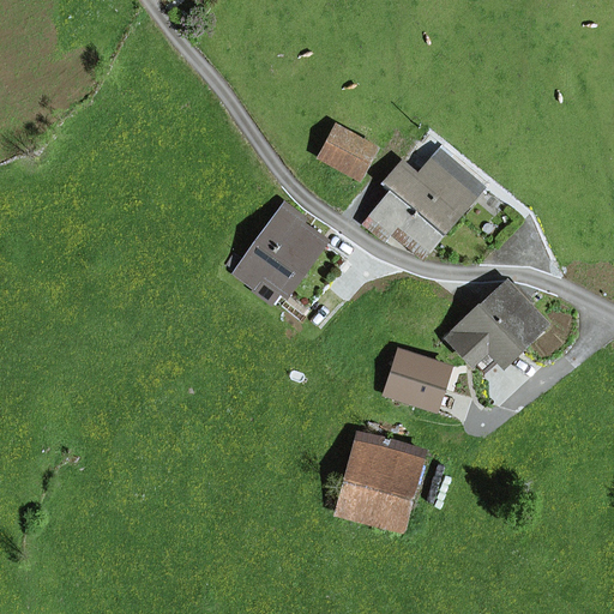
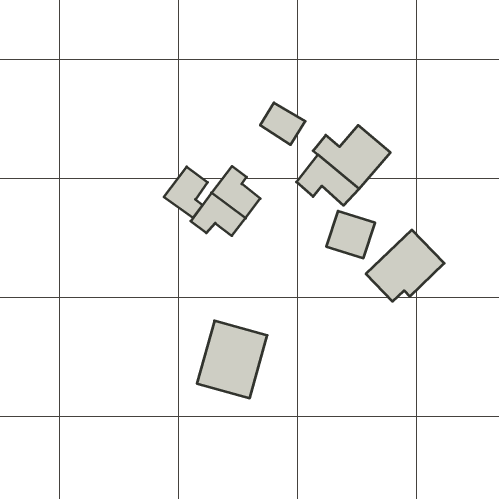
building: none -> [164,167,208,218]
building: [387,351,447,409] -> [326,211,375,258]
building: [337,433,423,528] -> [197,321,267,398]

